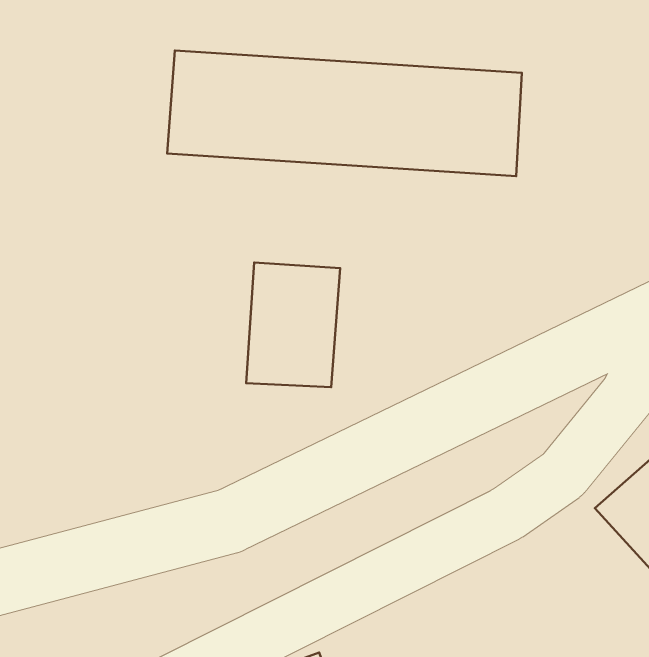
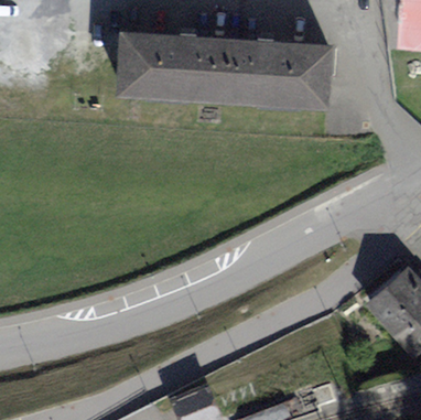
building: [246,262,340,387] -> none

